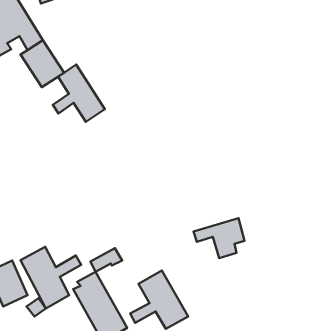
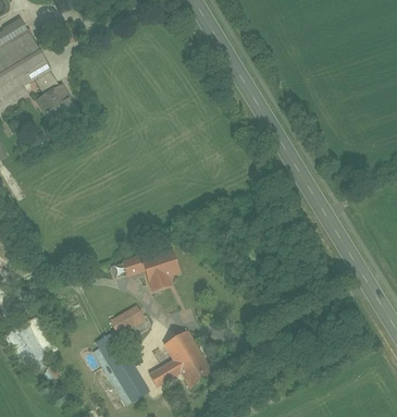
building: [53,65,105,122] -> none
building: [194,218,245,258] -> [124,248,178,291]
building: [20,247,81,308] -> none

